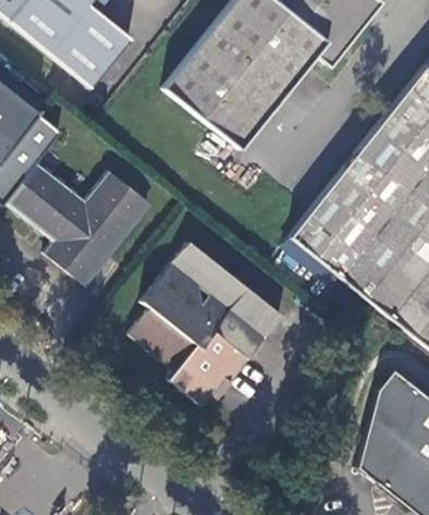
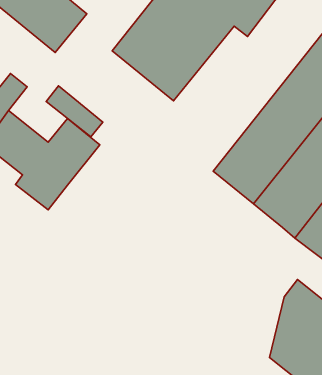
building: none -> [46,86,103,137]
building: [130,241,282,404] -> none

